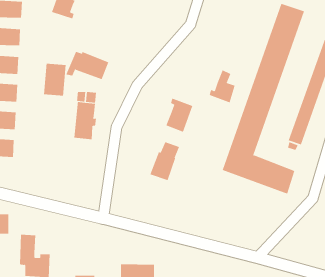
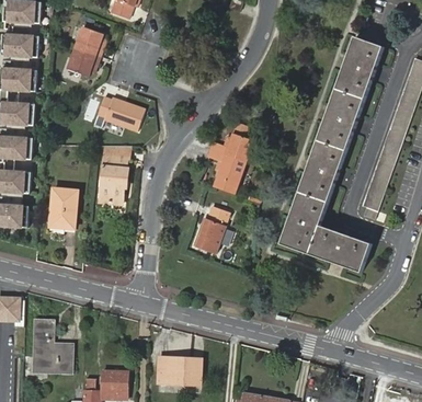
building: none -> [66,48,100,77]
building: [43,63,66,96] -> [52,177,80,218]
building: [209,69,236,103] -> [221,122,254,163]

